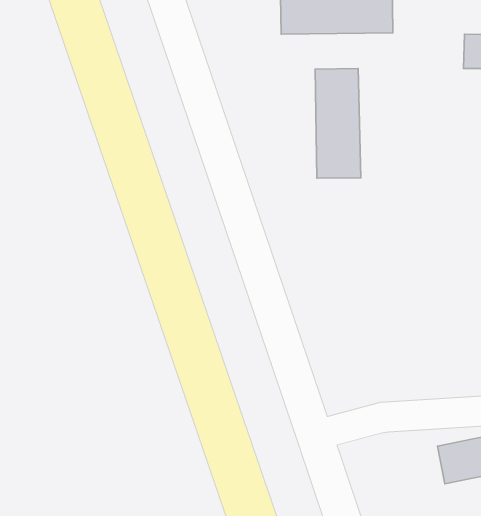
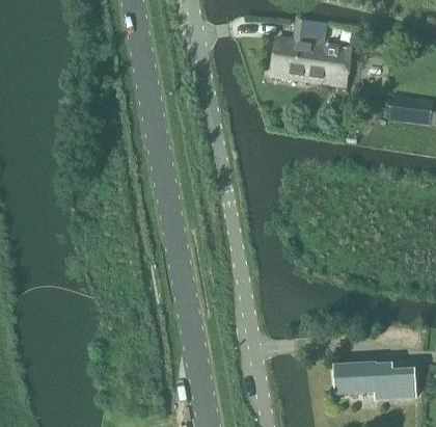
building: [315,69,361,178] -> none

